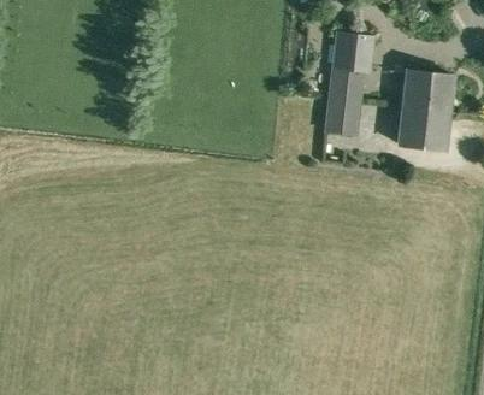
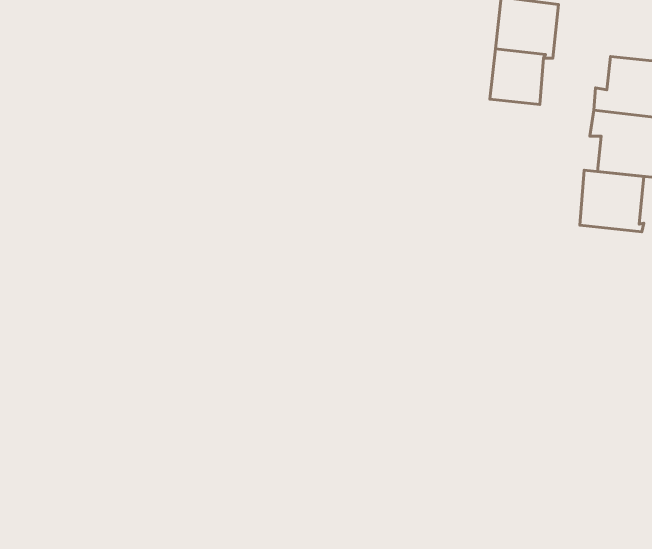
building: [325,99,361,136] -> none
building: none -> [580,170,644,232]

